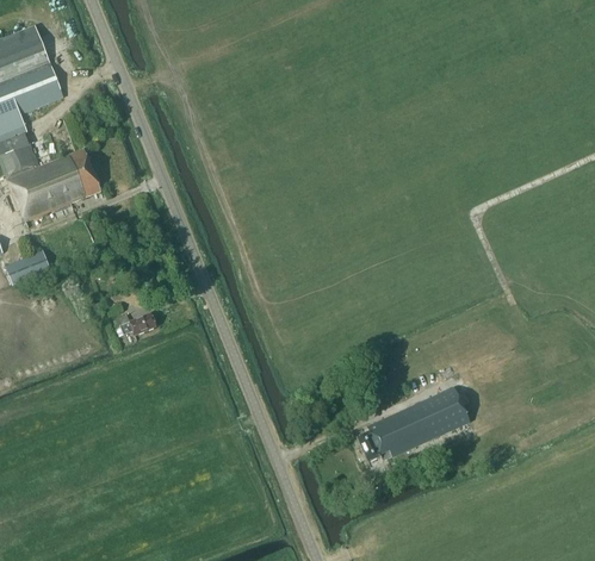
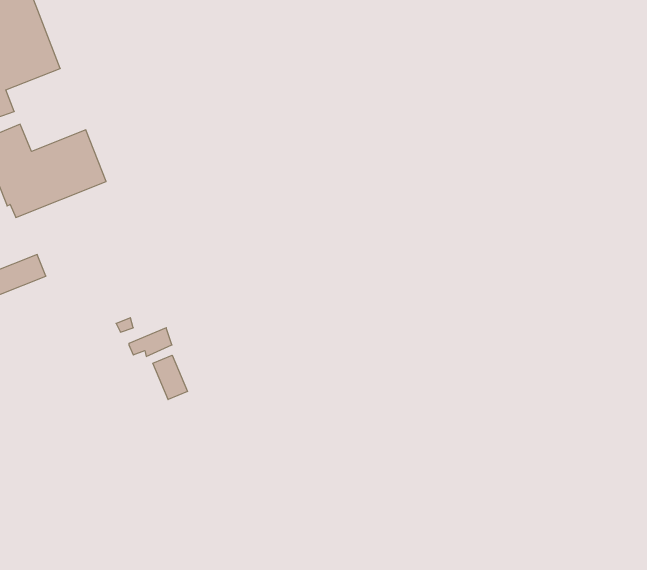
building: none -> [153,355,187,400]
building: [355,386,469,460] -> none

